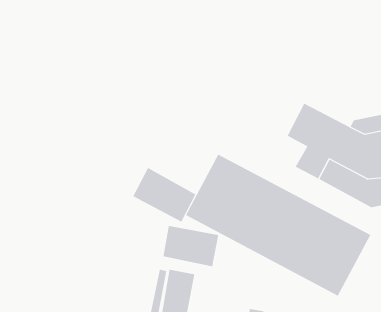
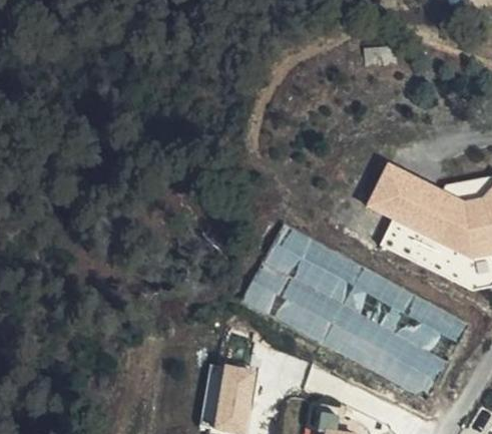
building: [132,167,196,223] -> none
building: [163,225,219,267] -> none

